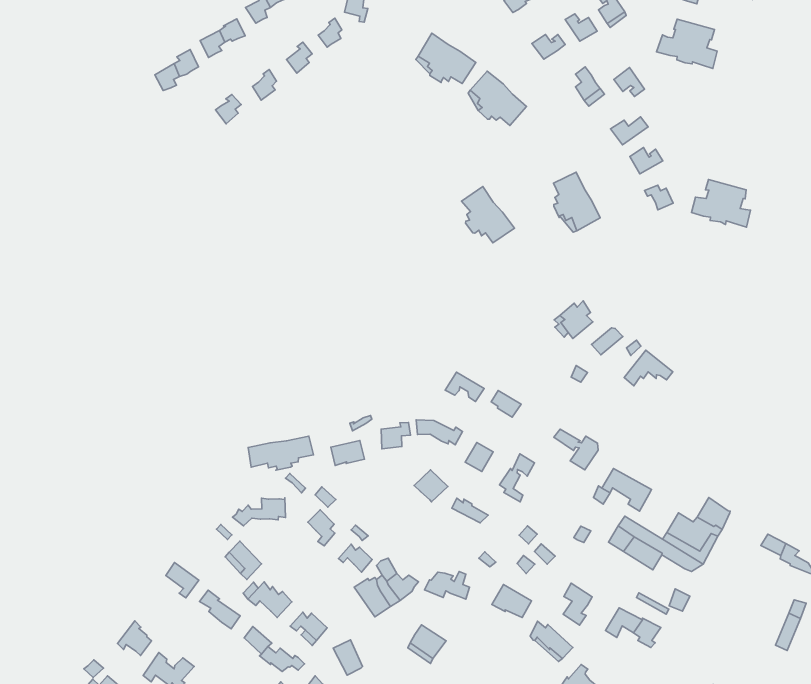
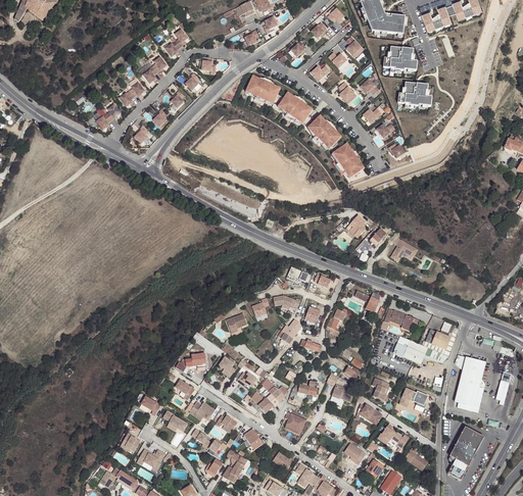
building: [692,179,751,227] -> [396,82,430,106]
building: [461,186,514,243] -> [307,114,340,146]
building: [248,436,313,470] -> none
building: none -> [453,355,484,412]

